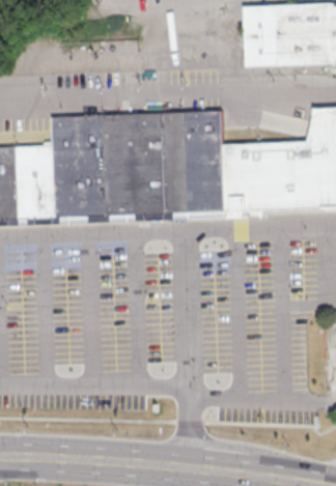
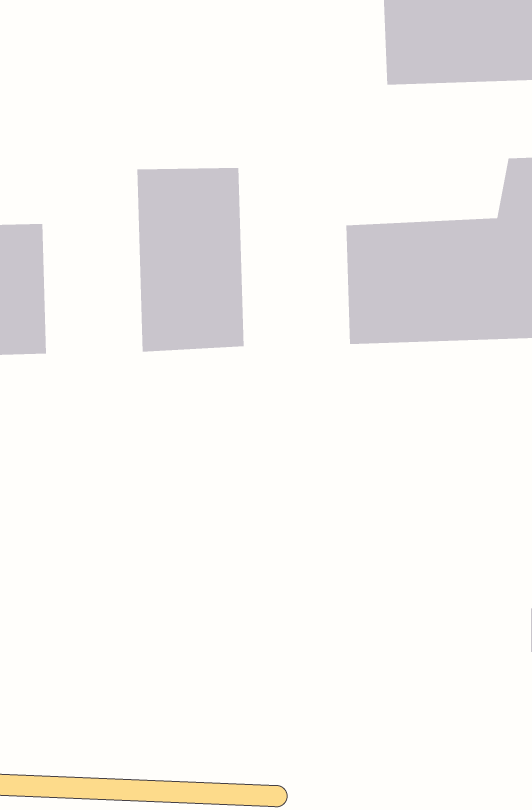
building: [163,111,224,212] -> none
building: [53,114,109,217] -> none

